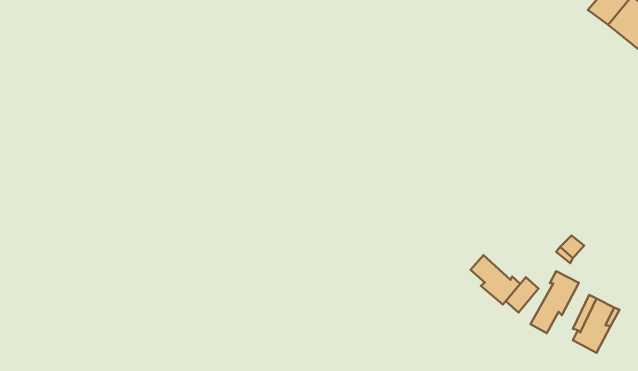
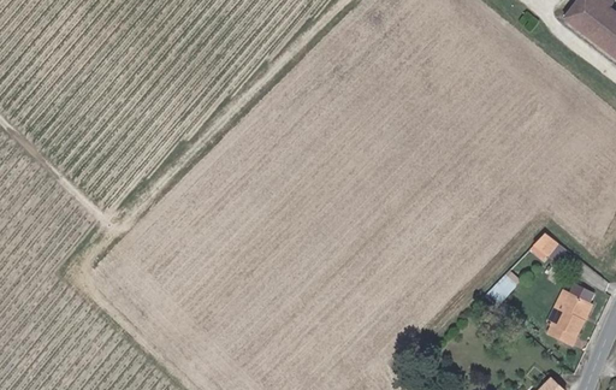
building: [470,255,520,304] -> none
building: [531,271,579,333] -> none

